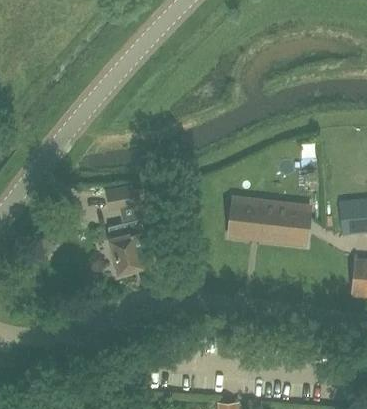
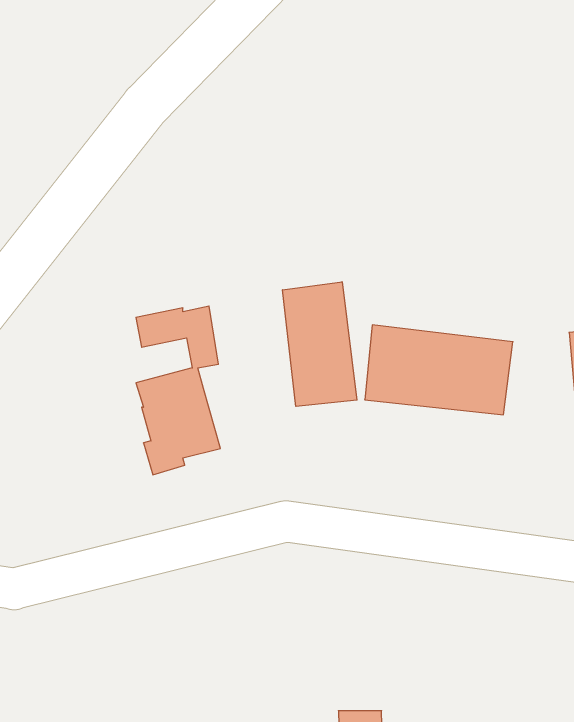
building: none -> [283,282,357,406]

